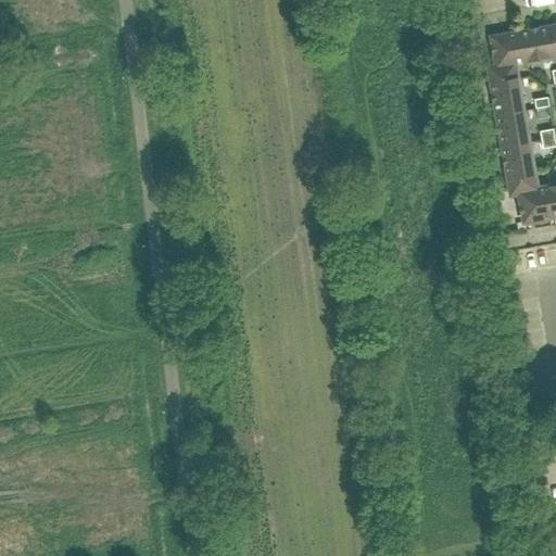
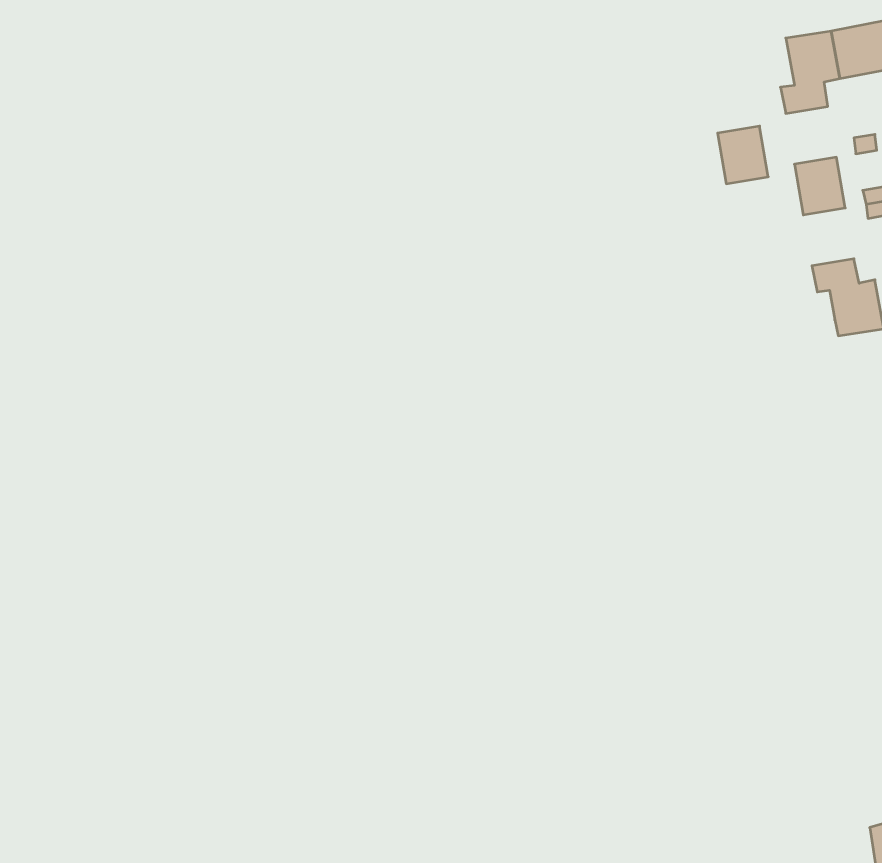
building: [492,80,523,116] -> [718,126,768,184]
building: [503,143,534,179] -> none

